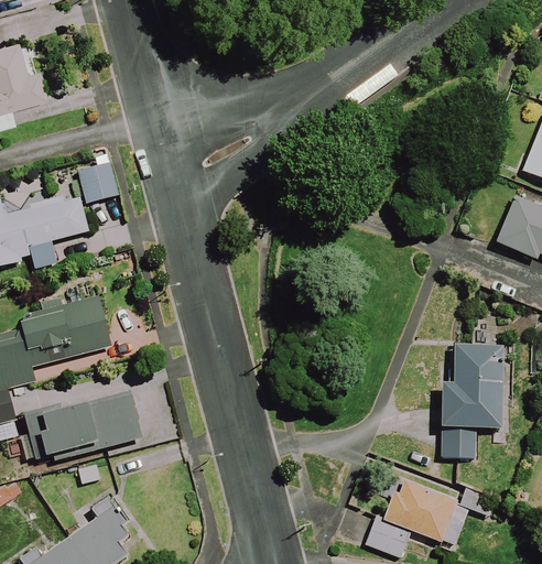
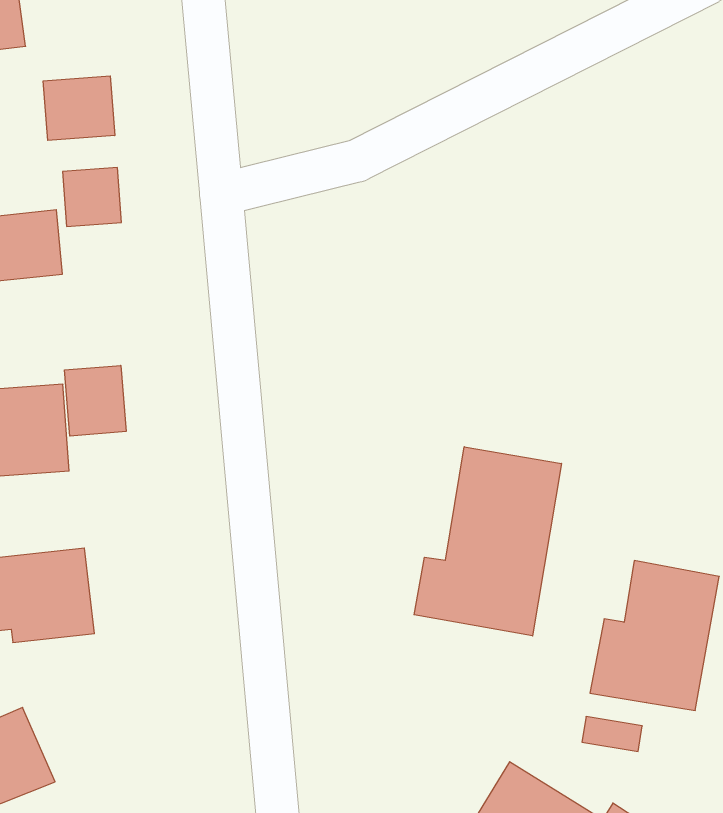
building: none -> [43,76,115,140]
building: none -> [65,365,126,436]
building: none -> [414,447,561,636]

